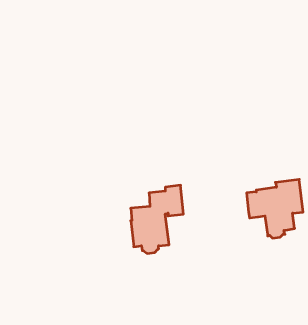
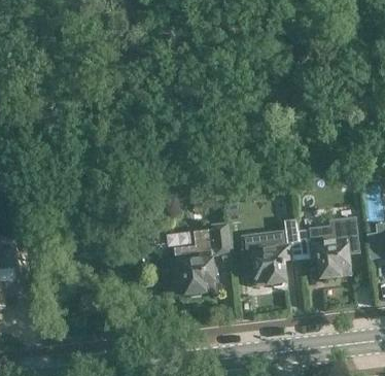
building: none -> [242,219,302,285]

